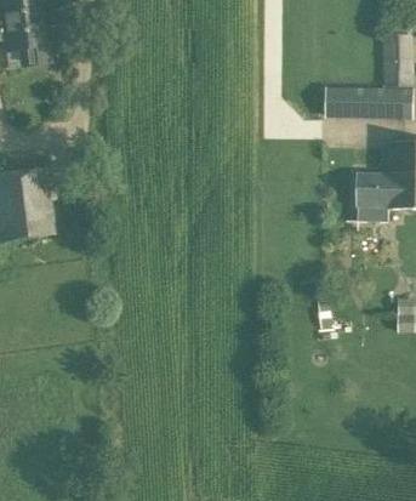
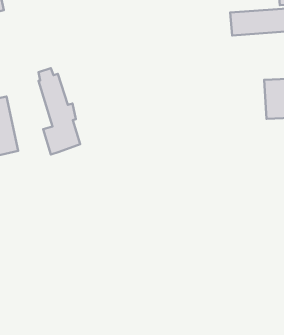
building: none -> [39,68,80,154]

